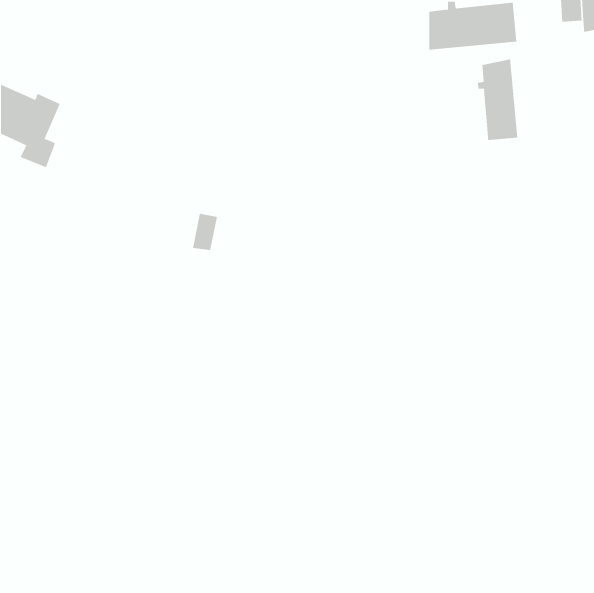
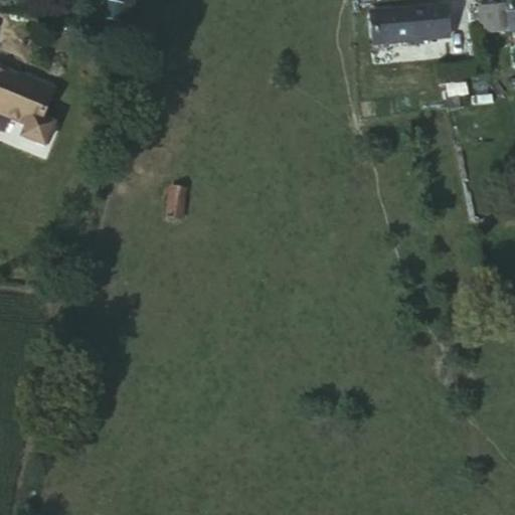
building: [477,59,518,141] -> none

